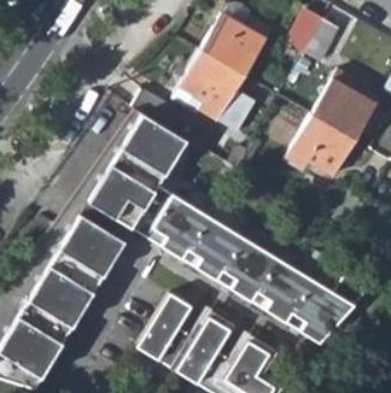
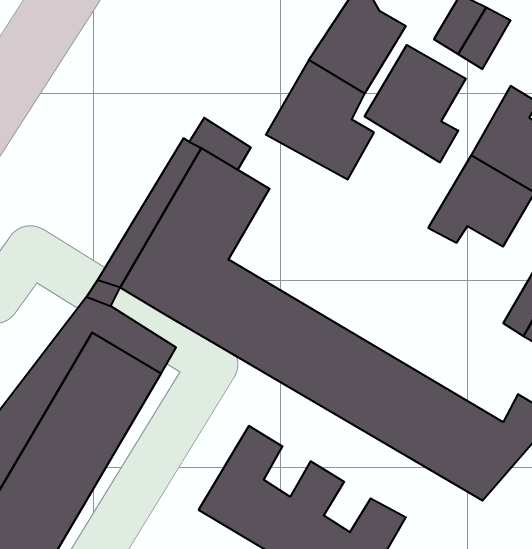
building: none -> [365,45,466,162]

